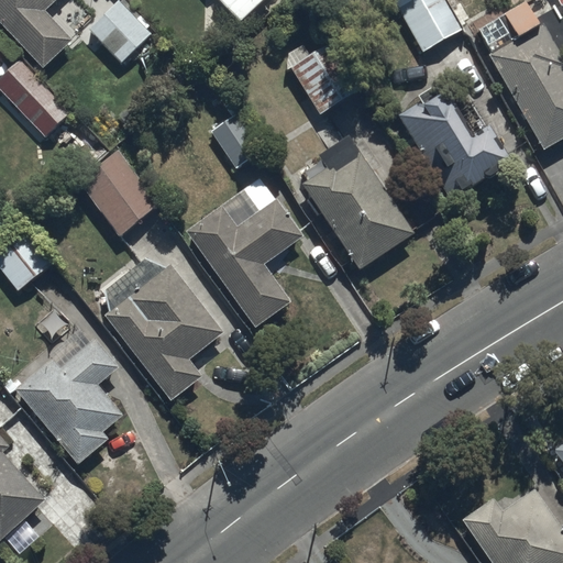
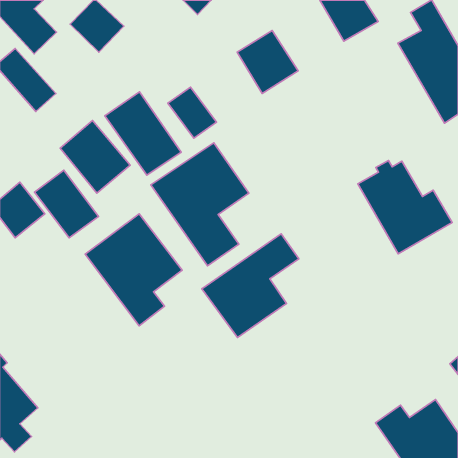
building: [397,85,512,199] -> [358,160,452,254]
building: none -> [105,92,181,175]
building: [302,132,415,268] -> none
building: none -> [34,170,99,238]
building: none -> [202,234,299,338]
building: [12,329,123,466] -> none

